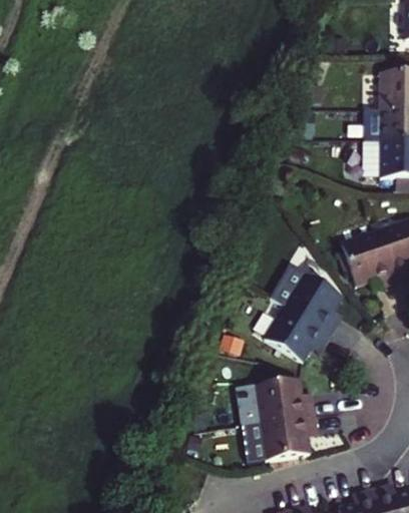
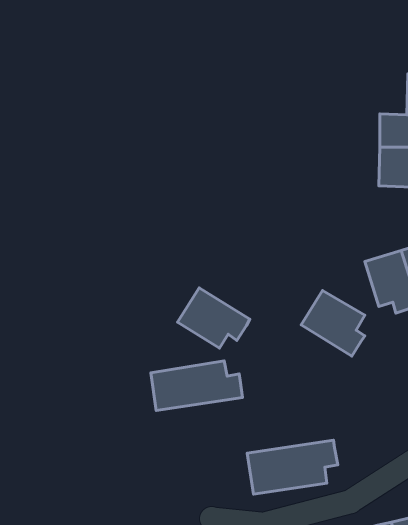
building: [266,303,333,359] -> [178,288,250,348]
building: [231,376,316,422] -> [151,361,242,411]

